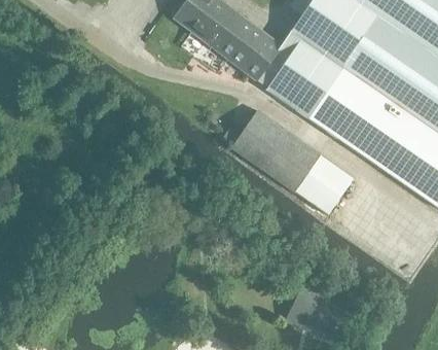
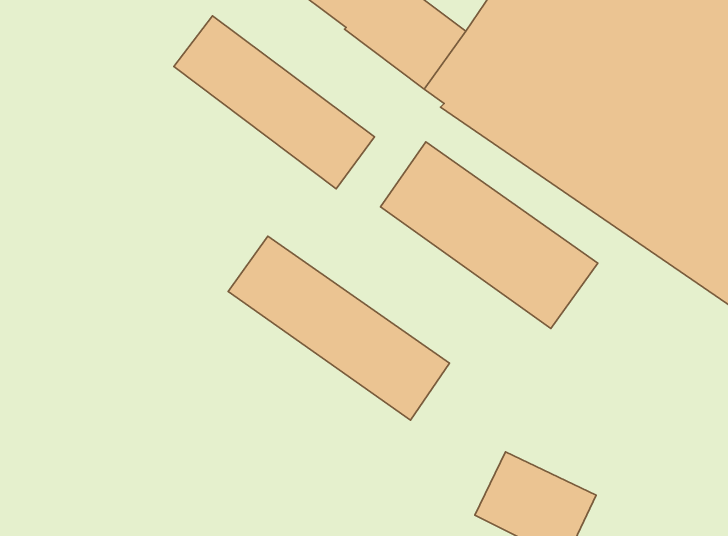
building: none -> [174,16,374,189]
building: none -> [228,236,449,420]

